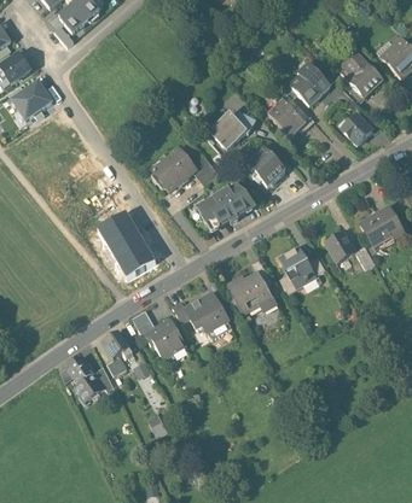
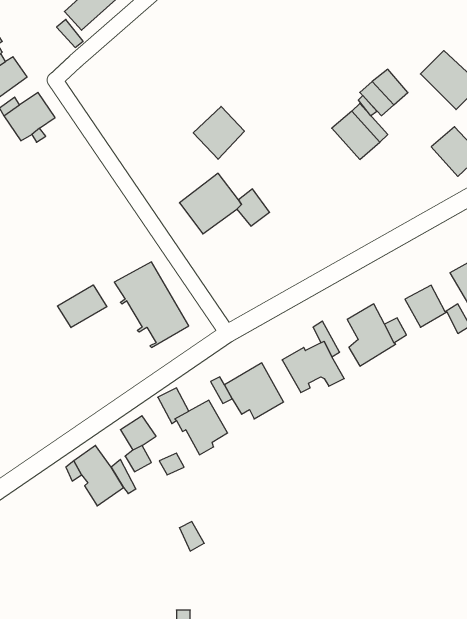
building: [208,109,248,150] -> [193,106,244,159]
building: [244,142,286,185] -> none
building: [197,183,255,228] -> none
building: none -> [57,285,107,328]

